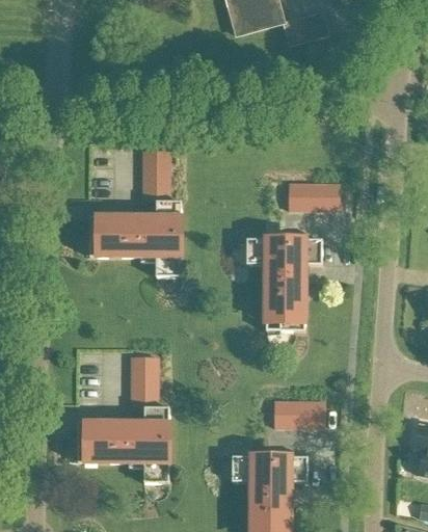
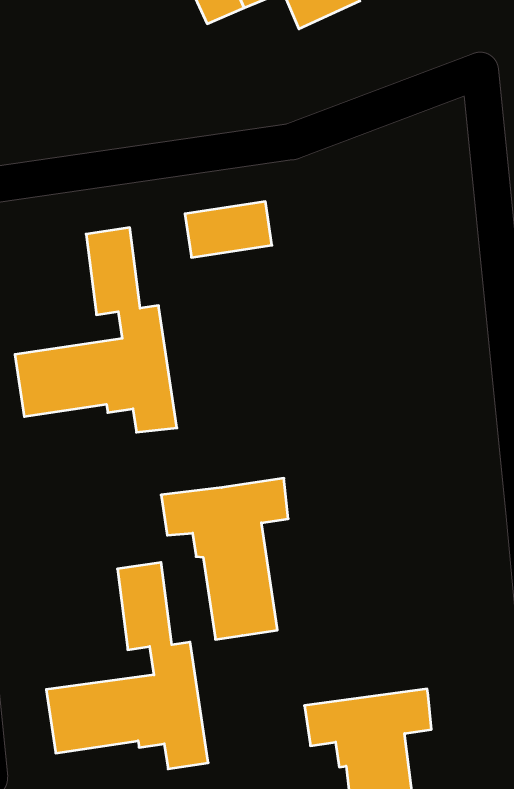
building: [290,182,340,209] -> [185,202,272,257]
building: [247,237,323,329] -> [161,478,288,639]
building: [275,399,325,427] -> none

